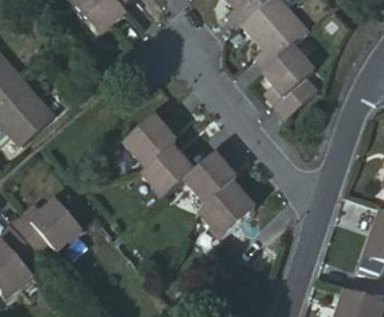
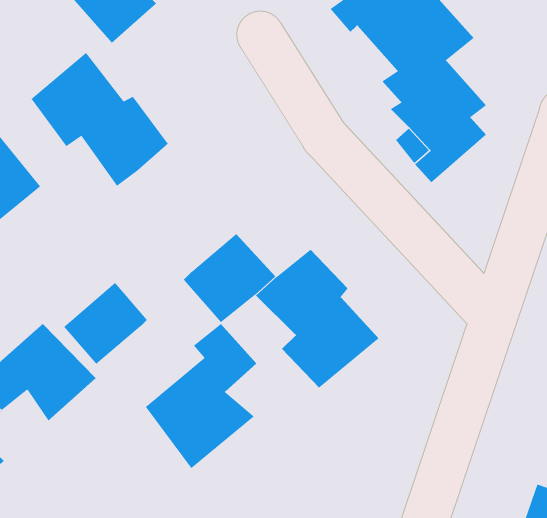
building: none -> [30,52,169,187]
building: [123,117,173,166] -> [63,282,148,365]
building: none -> [145,323,257,469]

